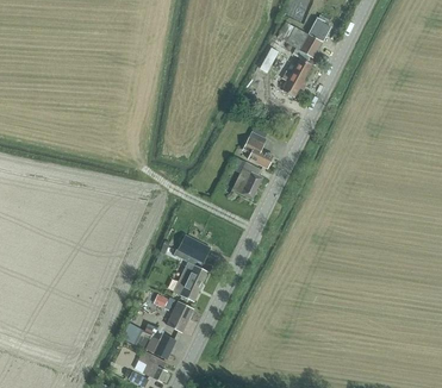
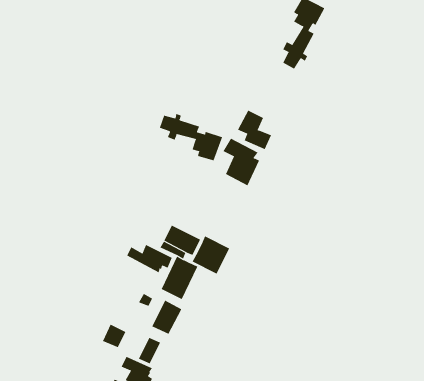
building: none -> [159,113,223,161]
building: none -> [192,236,230,275]
building: none -> [127,244,173,273]

